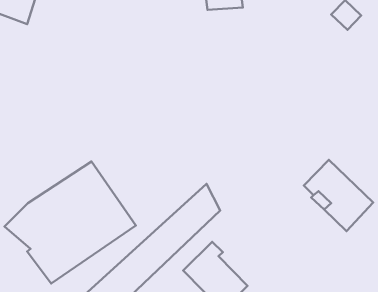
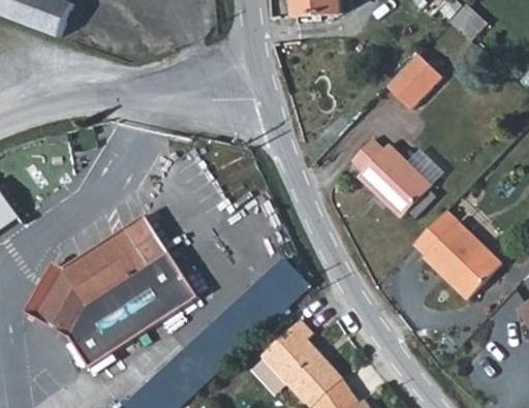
building: none -> [388,50,445,105]
building: none -> [359,138,441,218]

